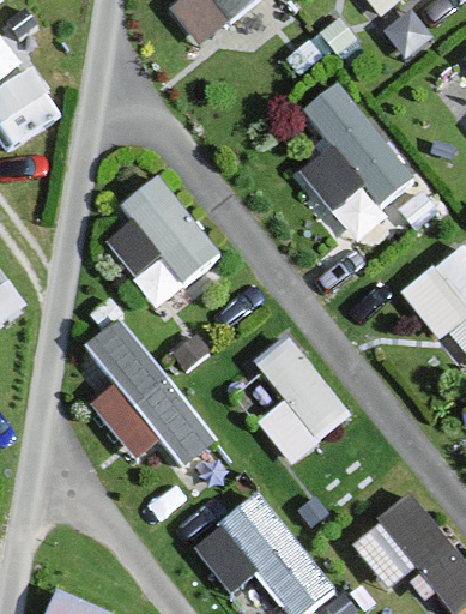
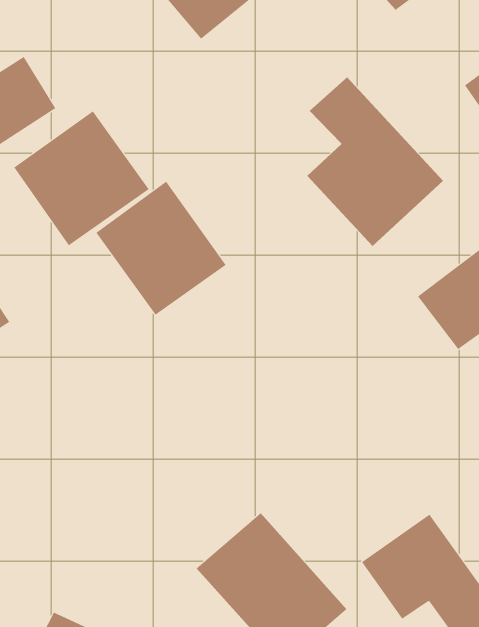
building: none -> [13,111,149,246]
building: [84,314,223,480] -> none
building: [229,335,352,462] -> none

